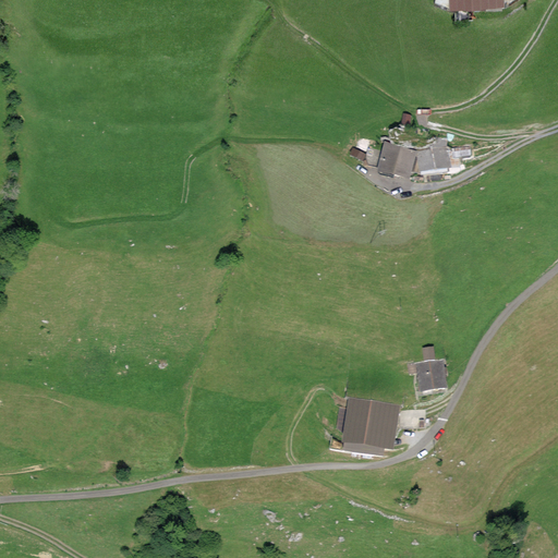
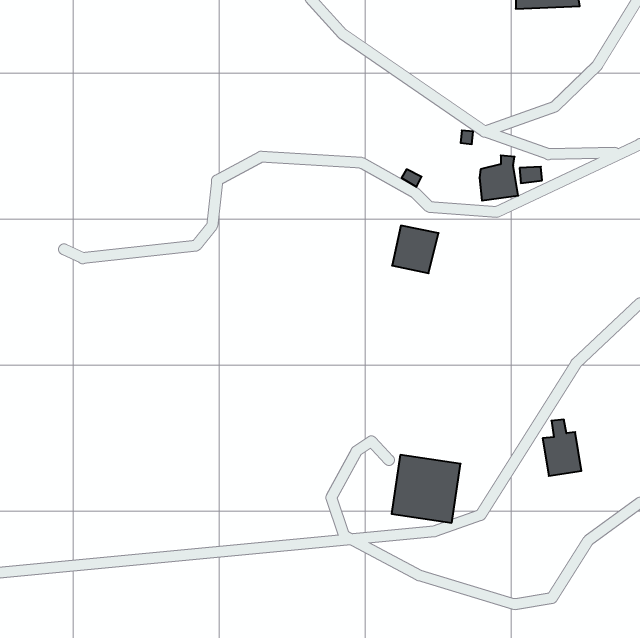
building: [376,141,416,182] -> [392,226,439,273]
building: [414,347,448,396] -> [543,420,581,476]

